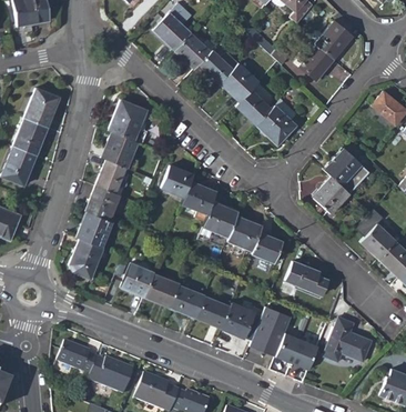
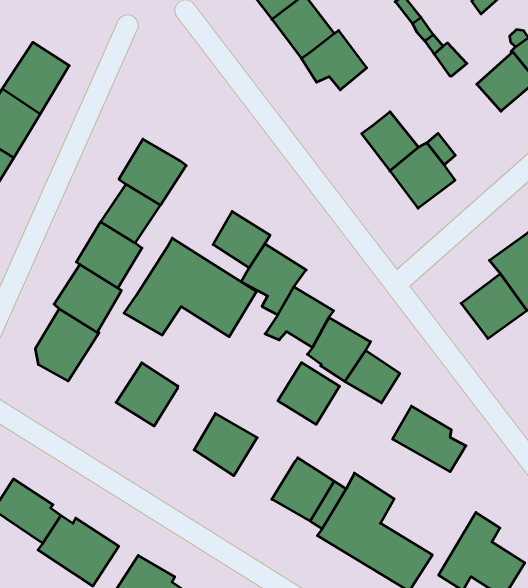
building: [221,62,261,101] -> none
building: [108,98,148,140] -> none
building: none -> [124,238,257,337]
building: [145,272,181,307] -> none
building: [196,293,231,328] -> [278,363,340,424]

